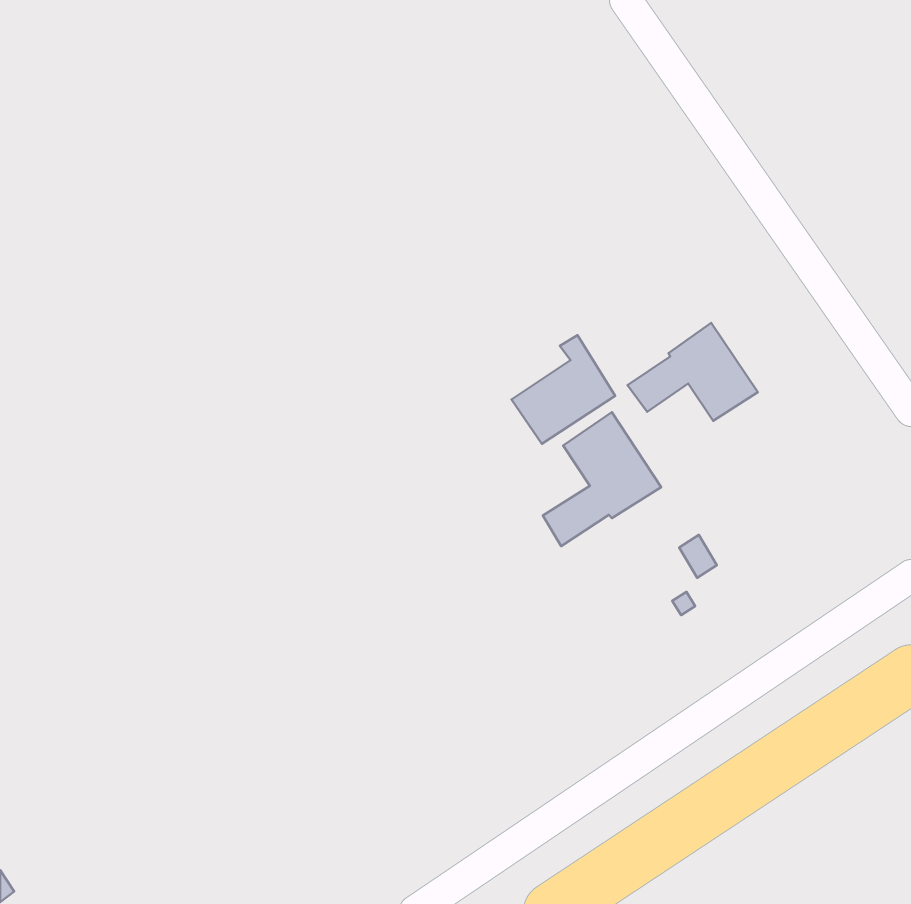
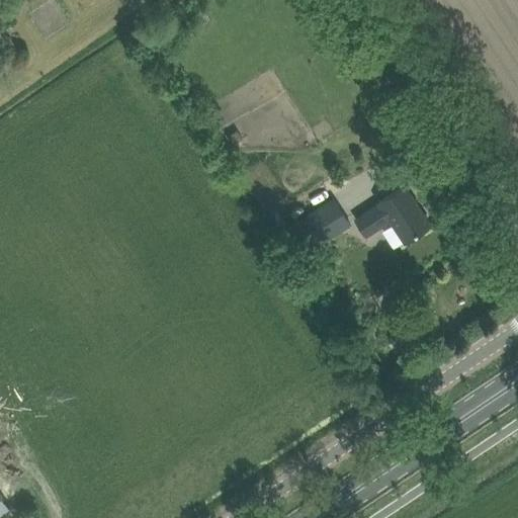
building: [543,412,661,546] -> none

